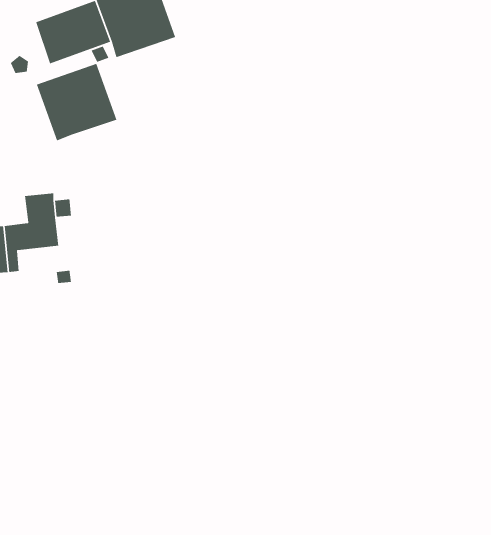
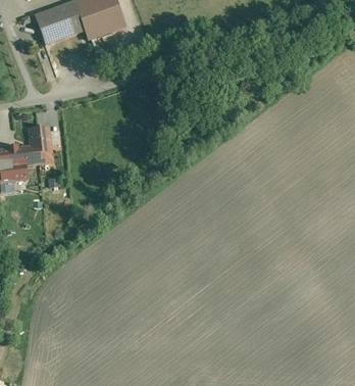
building: [36,63,118,141] -> none

